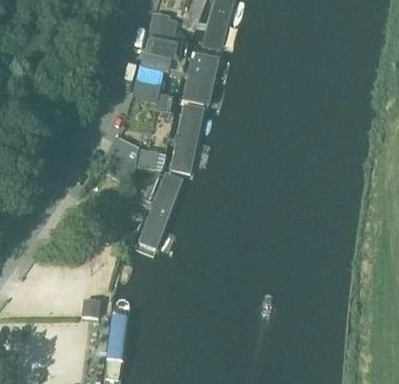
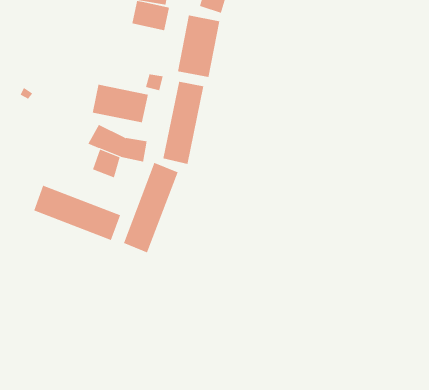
building: none -> [92,84,148,123]
building: none -> [33,185,121,241]

